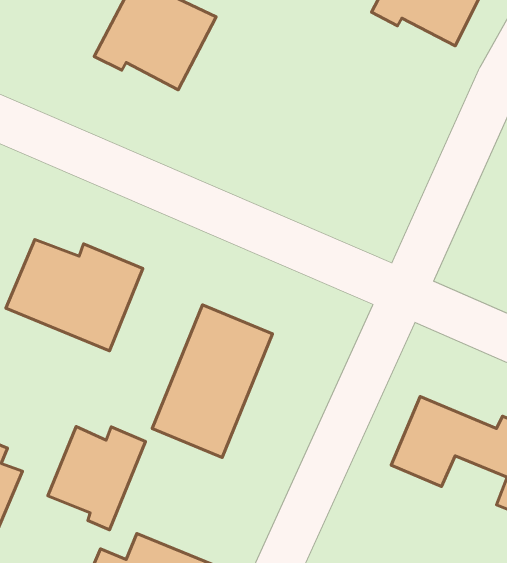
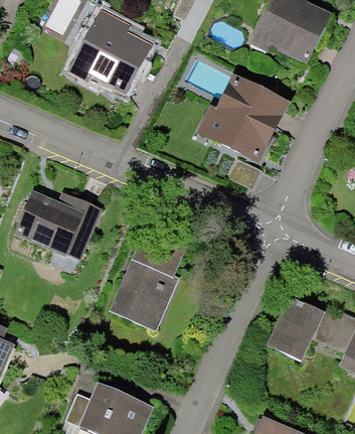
building: none -> [198,76,291,162]
building: [48,426,145,530] -> none

